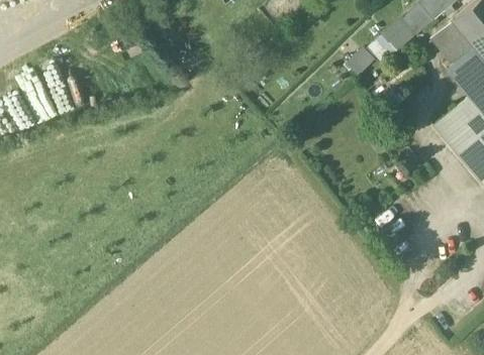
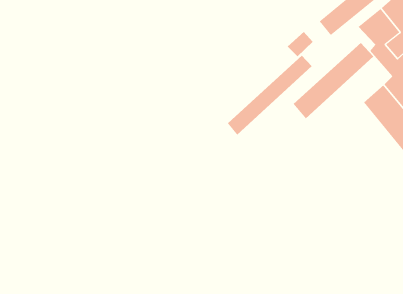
building: none -> [293,42,374,119]
building: none -> [227,55,312,135]

